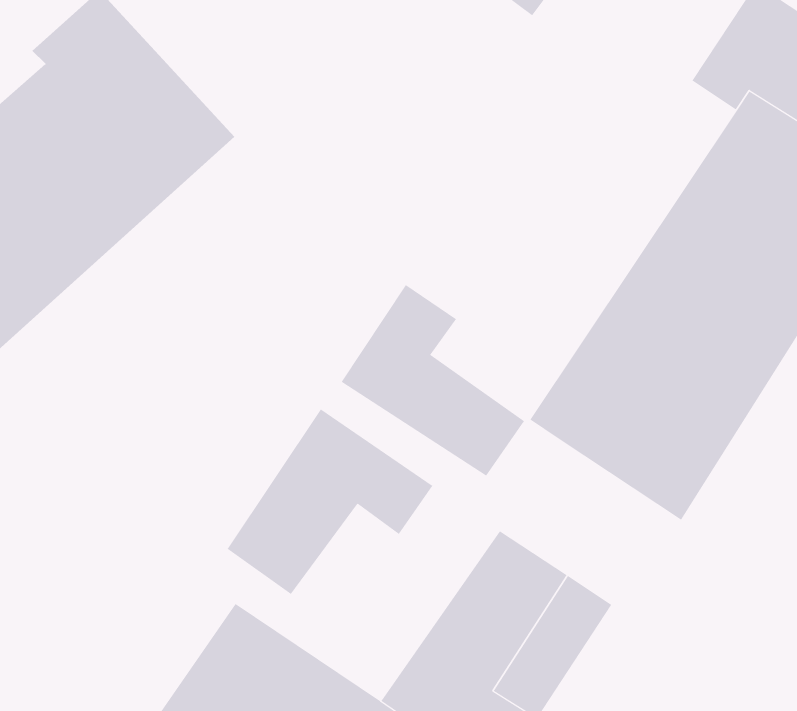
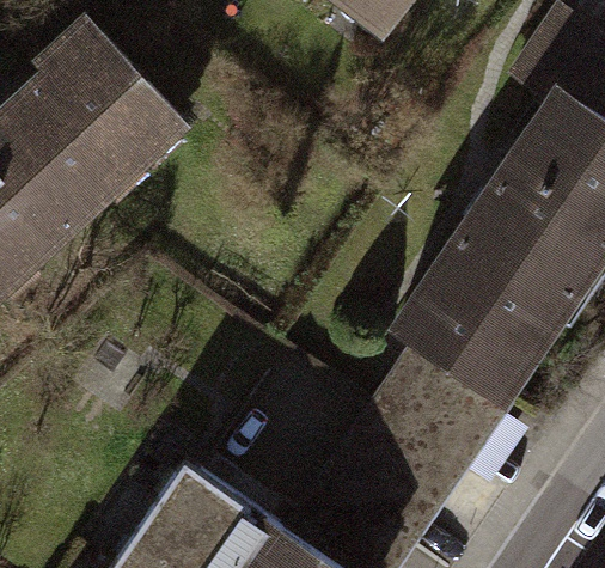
building: [341,284,525,477] -> none
building: [227,409,433,595] -> none
building: none -> [375,346,507,470]

